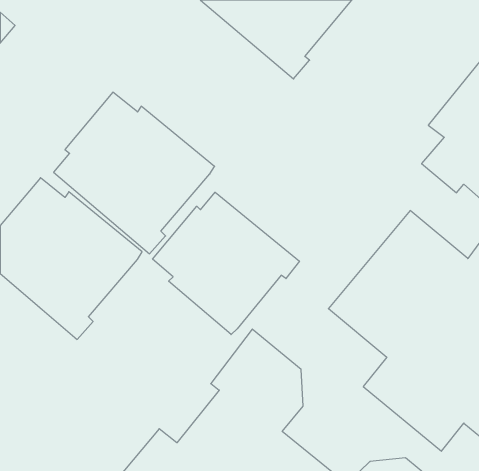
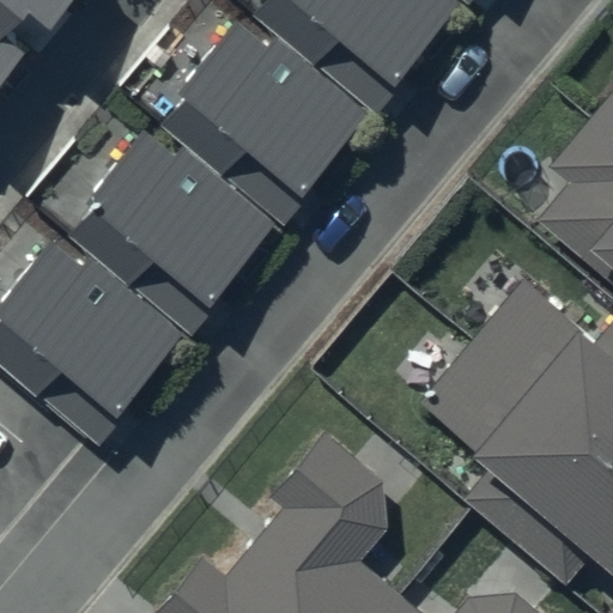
building: none -> [159,20,364,225]
building: [153,192,299,335] -> none

